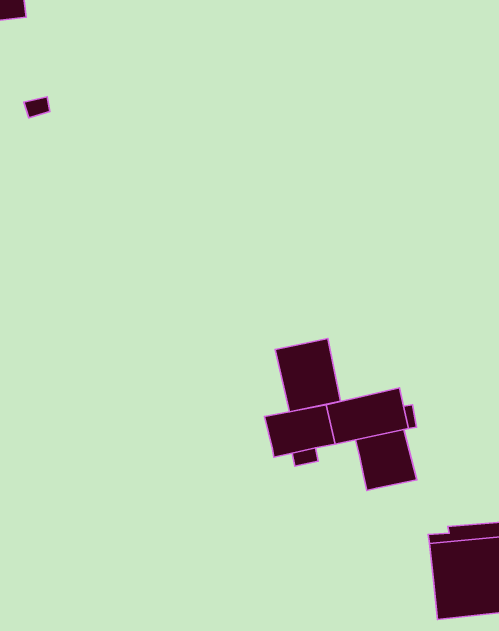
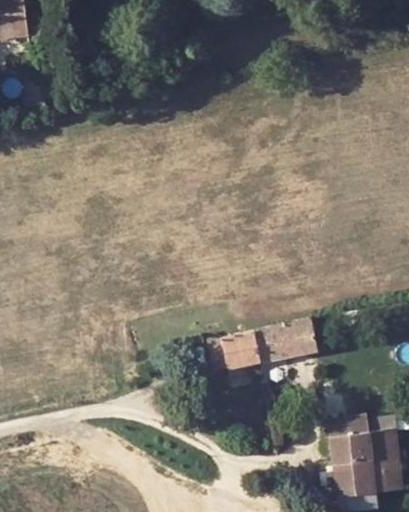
building: [275,338,340,412] -> none
building: [355,429,417,491] -> none

